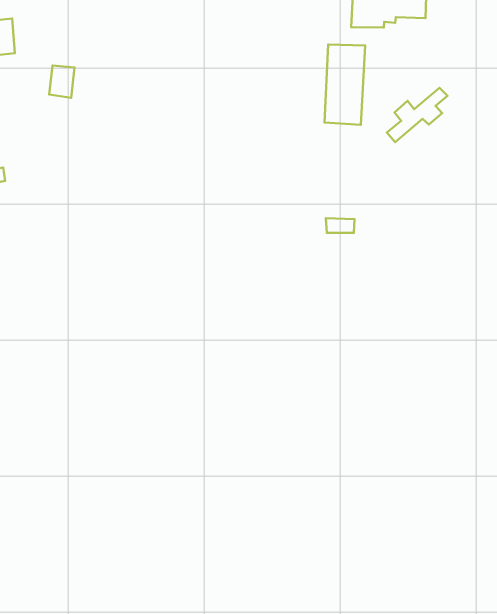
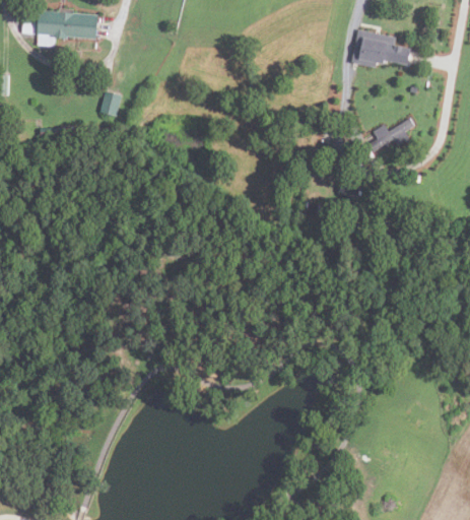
building: [324,45,365,125] -> none
building: [49,66,75,98] -> [99,90,122,117]

